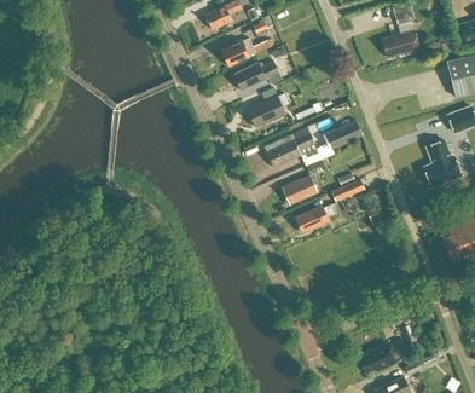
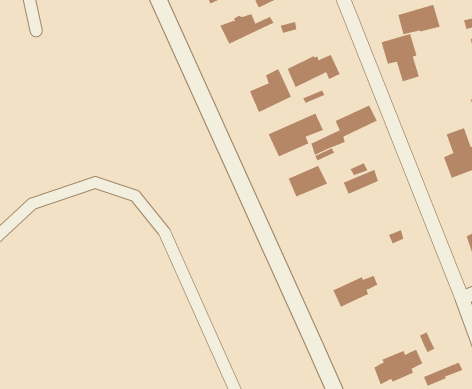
building: none -> [381,33,420,82]
building: [233,60,282,91] -> [287,54,341,88]
building: [295,203,336,232] -> [333,275,378,307]

